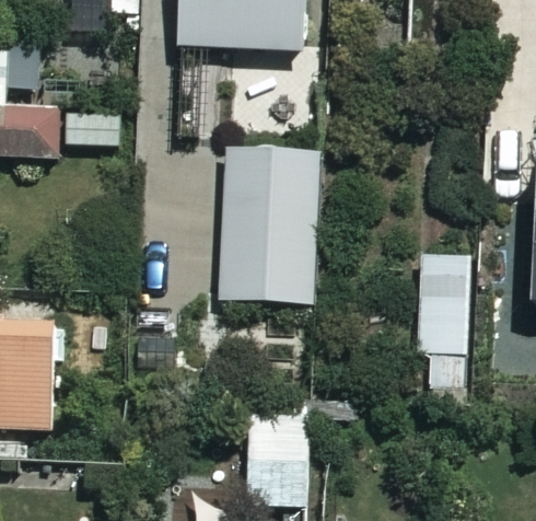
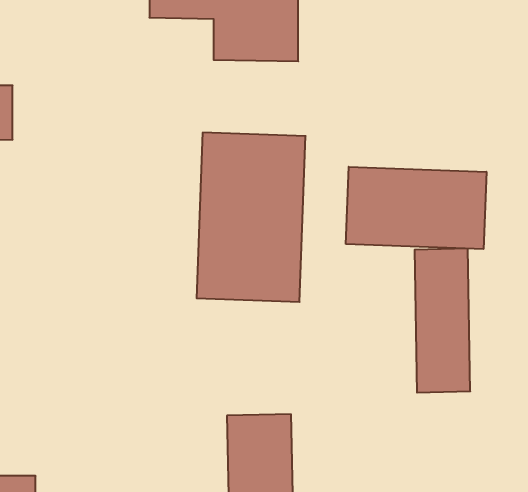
building: none -> [346,167,486,249]

